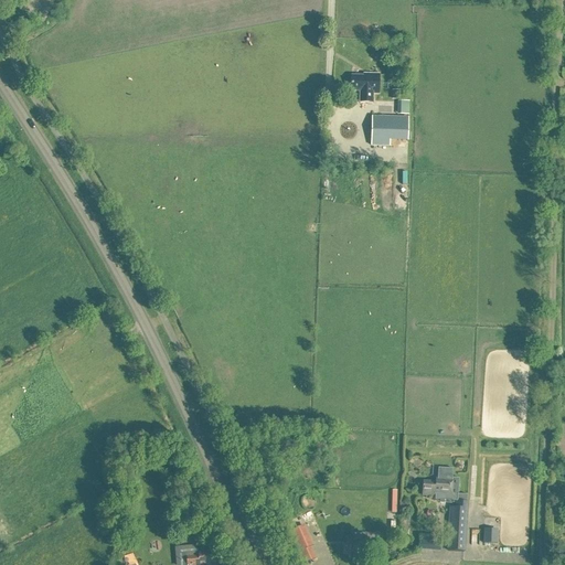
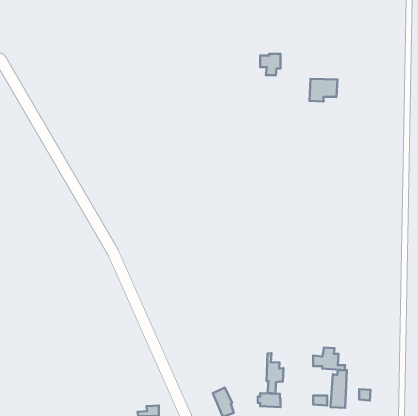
building: [371,115,408,146] -> [310,79,337,102]
building: none -> [266,353,283,394]

